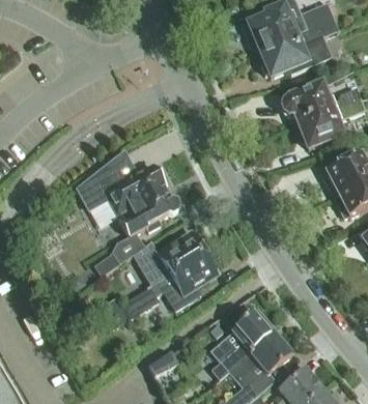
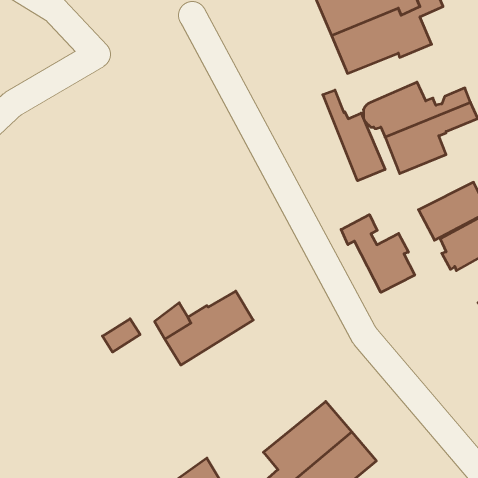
building: none -> [323,90,385,181]
building: [77,163,179,237] -> none
building: none -> [341,215,415,292]
building: [110,253,217,326] -> none

